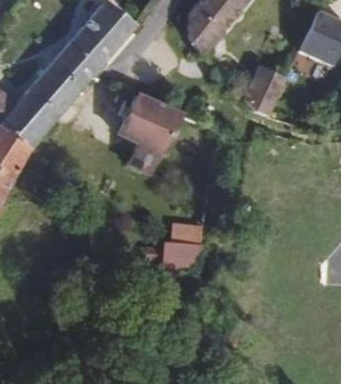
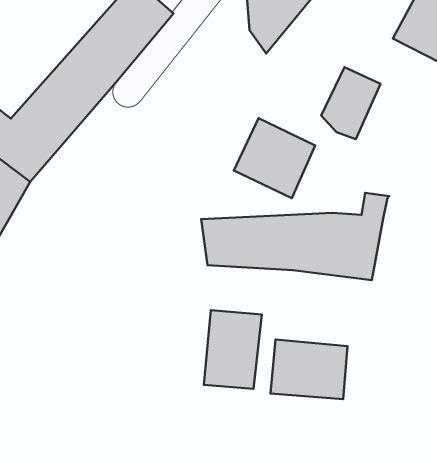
building: [116,90,175,148] -> [234,118,315,198]
building: none -> [201,193,389,280]
building: none -> [271,339,347,399]

